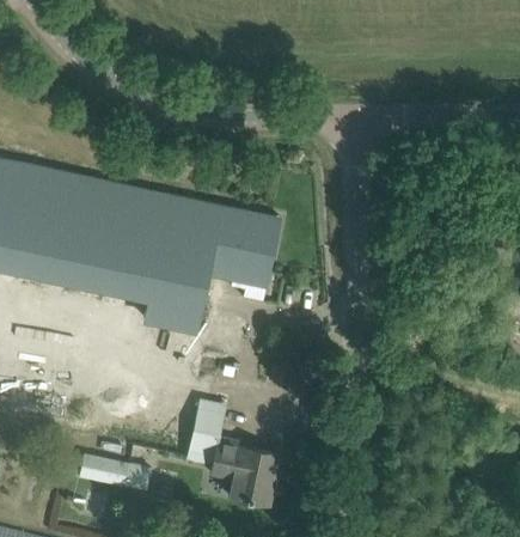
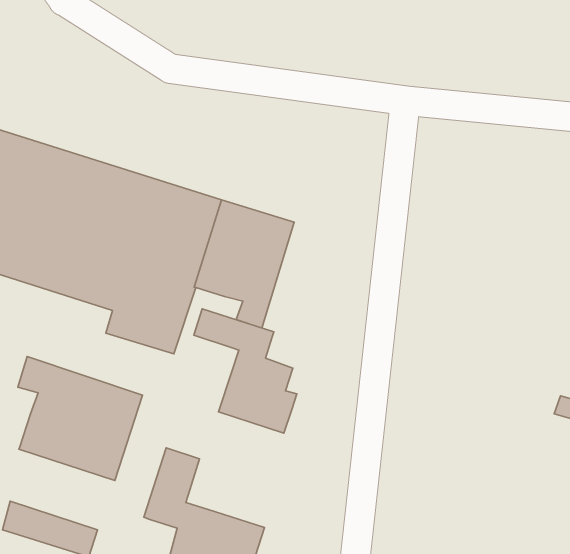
building: none -> [194,309,297,433]
building: none -> [18,357,143,481]

